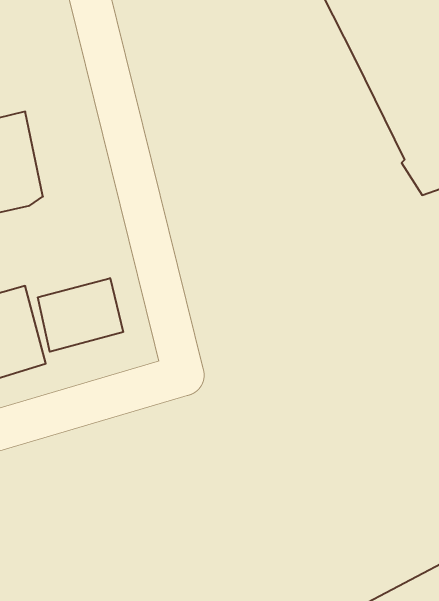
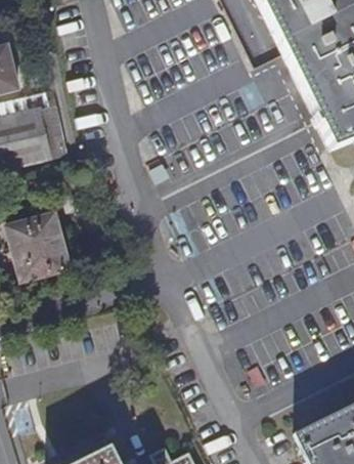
building: [38,278,123,352] -> none

